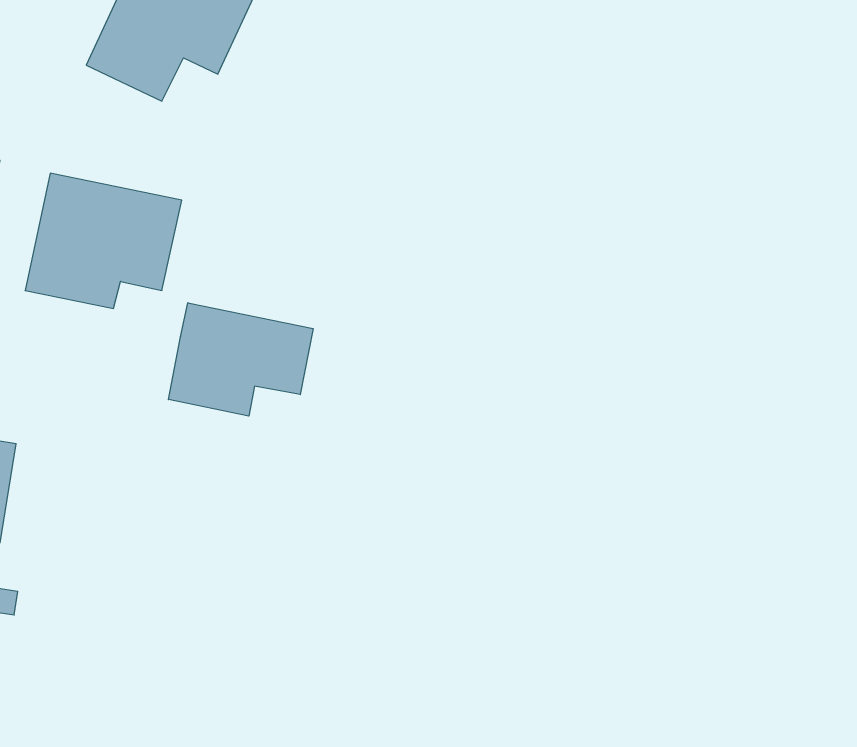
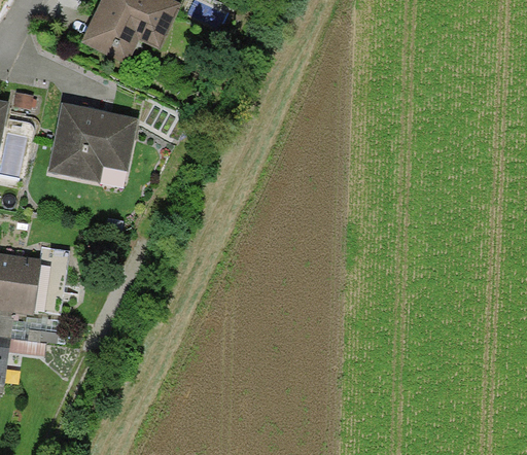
building: [168,303,313,416] -> none

